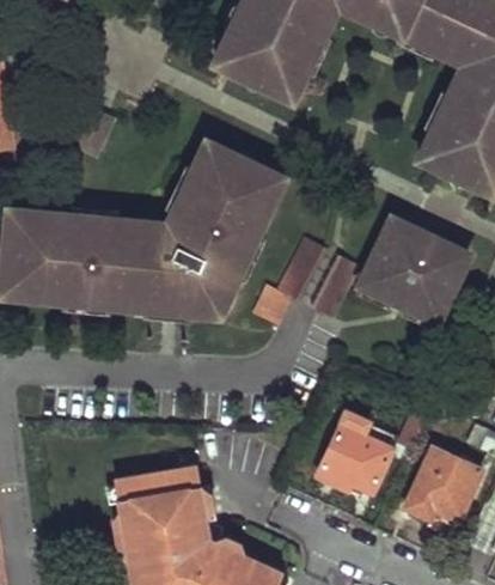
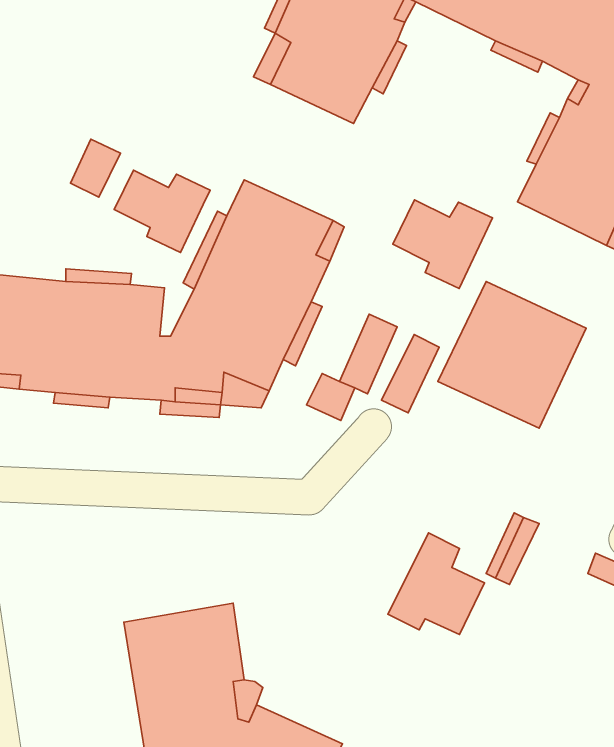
building: none -> [114,170,210,253]
building: none -> [393,200,492,289]
building: [402,446,483,517] -> none

